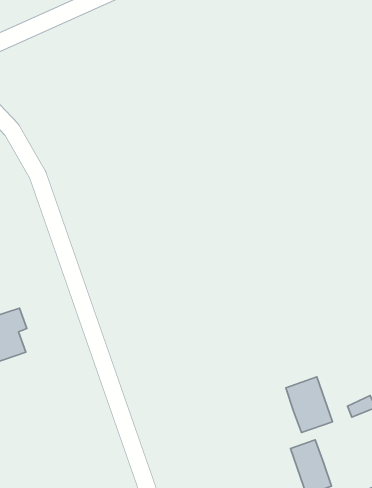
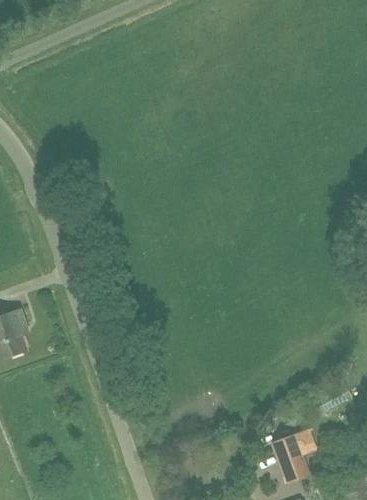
building: [286,377,333,433] -> none

